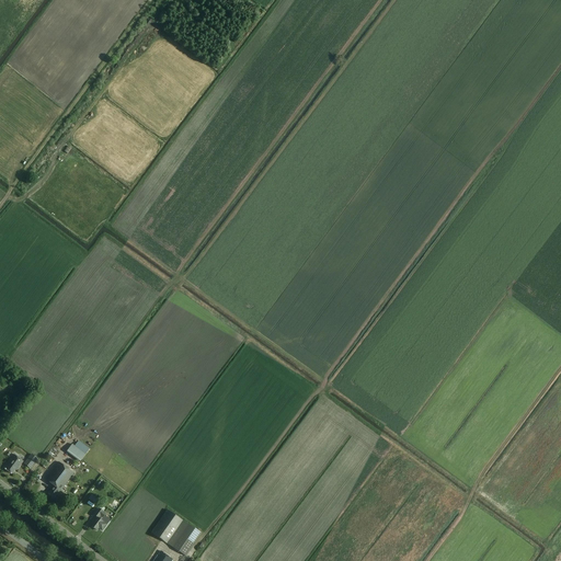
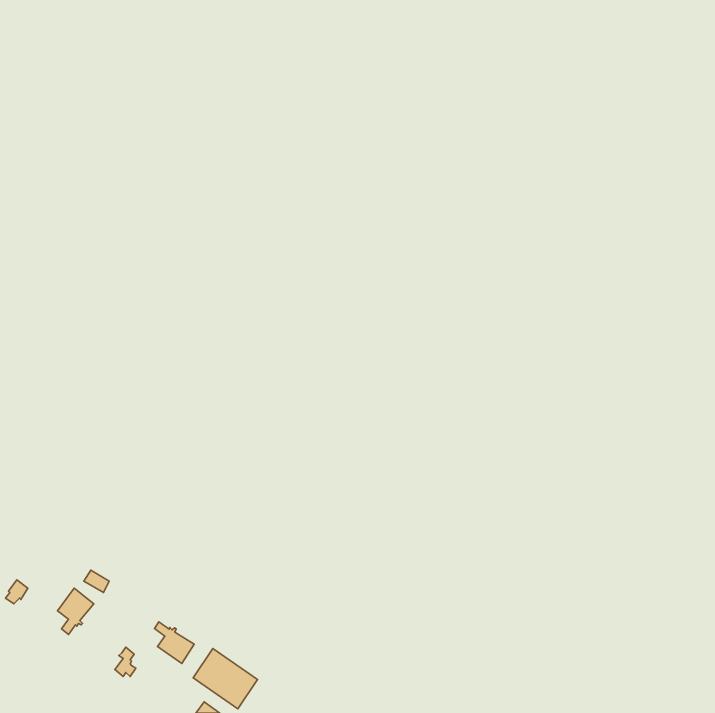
building: none -> [154,622,194,663]

